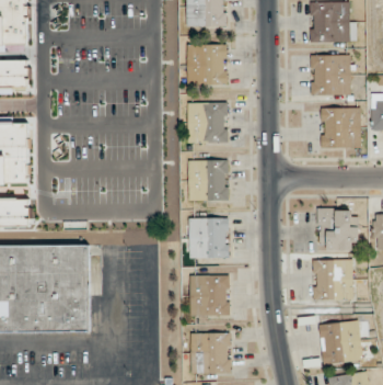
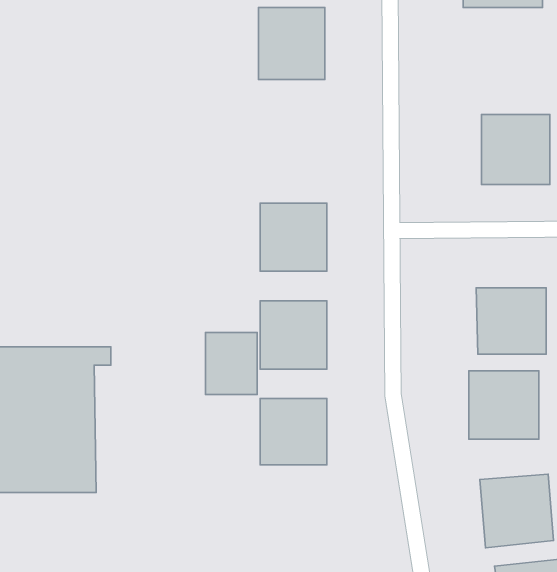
building: [310,55,351,97] -> none
building: [188,103,229,143] -> none
building: none -> [206,332,257,395]
building: [190,333,231,374] -> none

